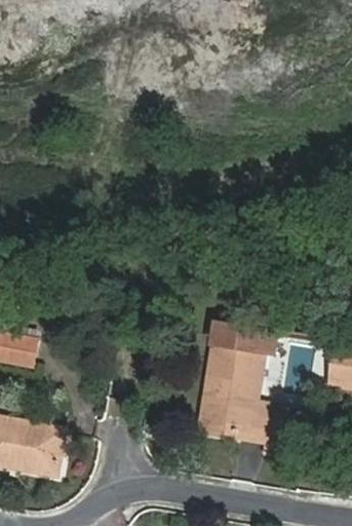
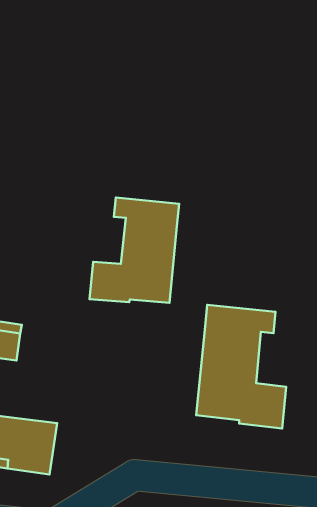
building: none -> [89,198,179,303]

